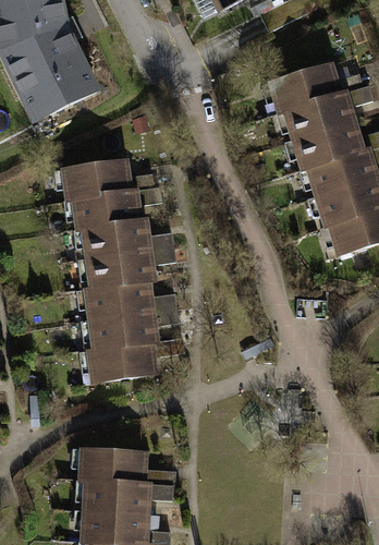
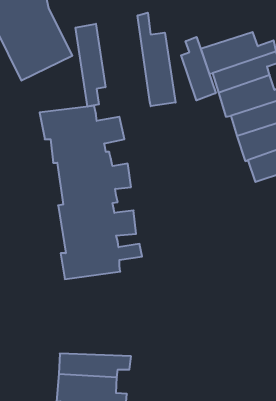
building: none -> [138,13,176,106]
building: none -> [76,24,105,107]
building: none -> [181,37,216,100]
building: [77,446,175,482] -> none

